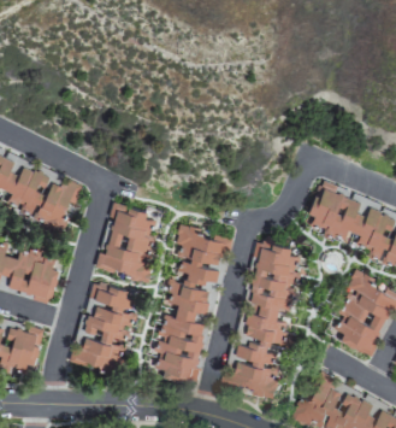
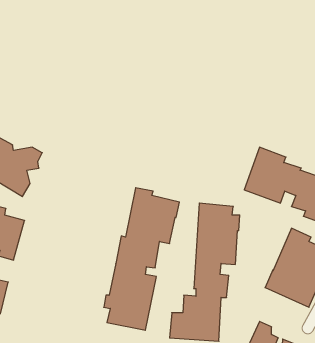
building: [94,203,154,283] -> none
building: [69,283,132,371] -> none

